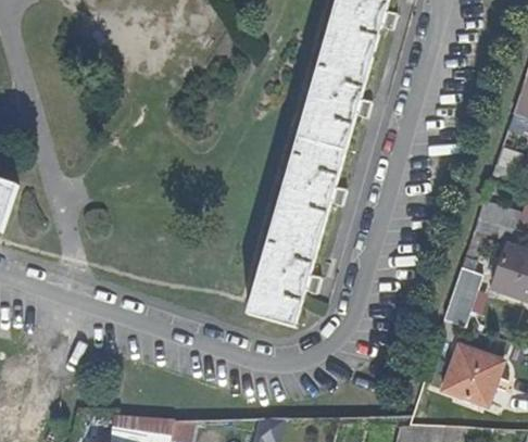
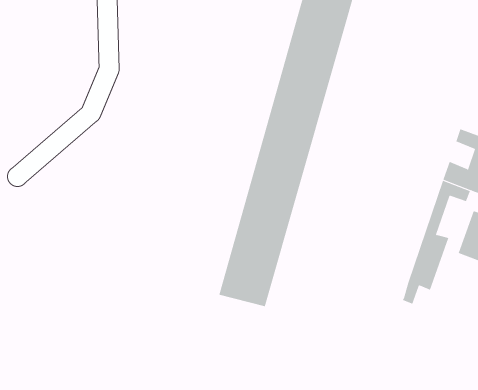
building: [436,339,495,399] -> none

